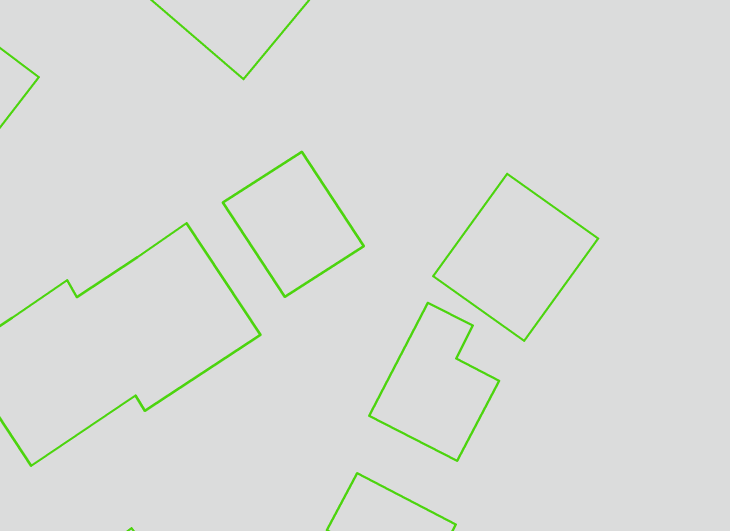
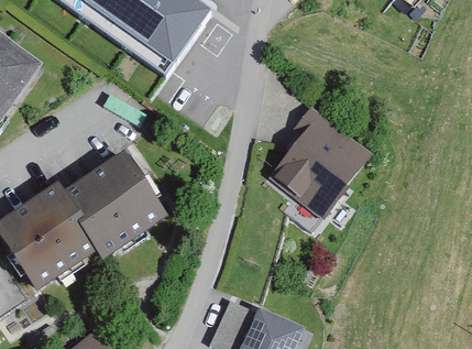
building: [223,152,364,297] -> none
building: [369,303,499,461] -> none

